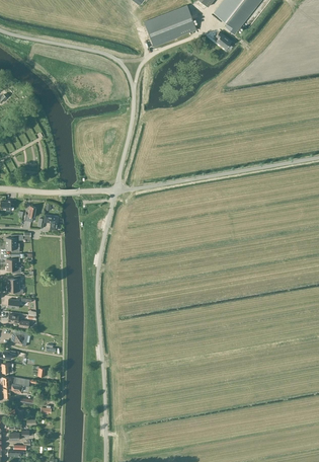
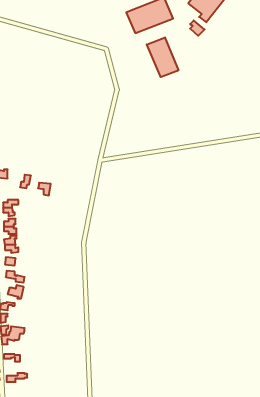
building: none -> [147,37,178,77]

